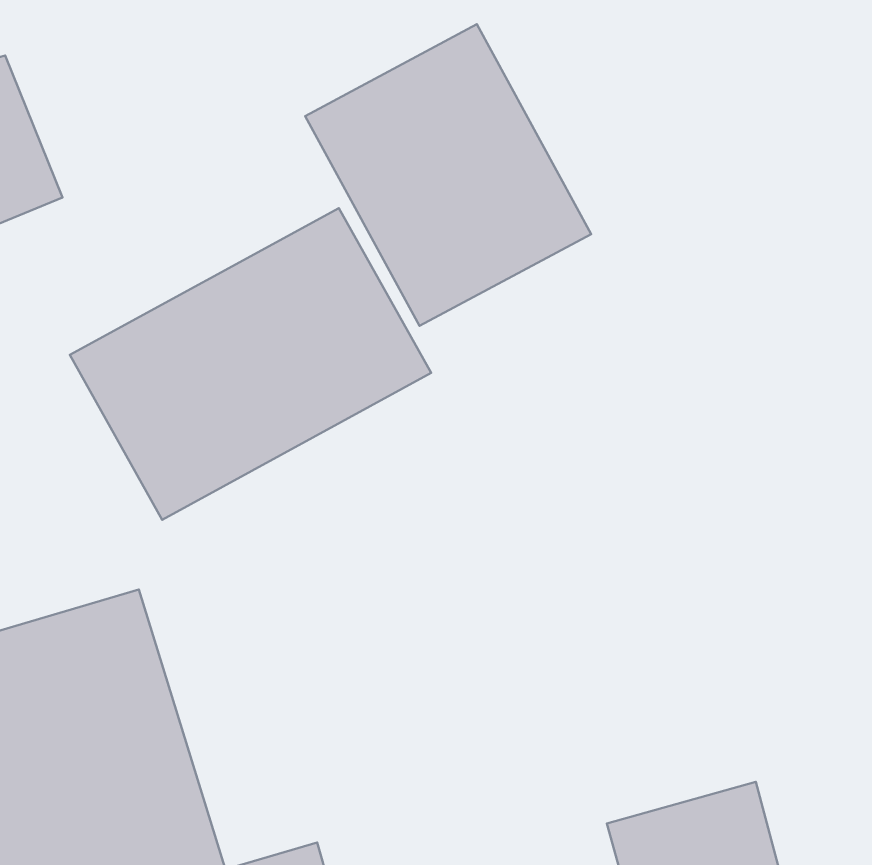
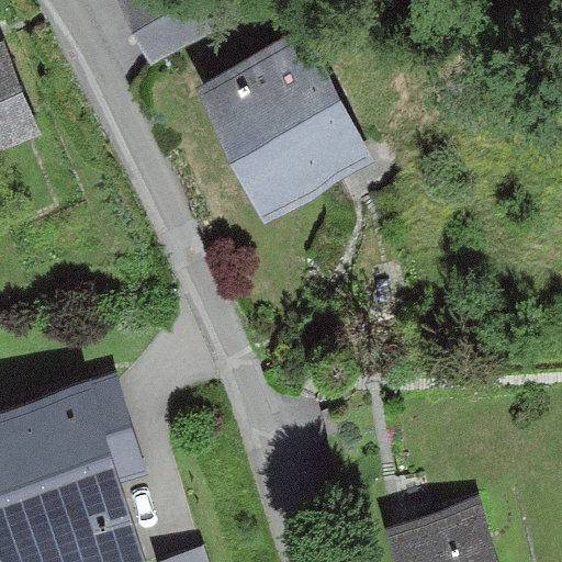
building: [70,208,431,520] -> none

